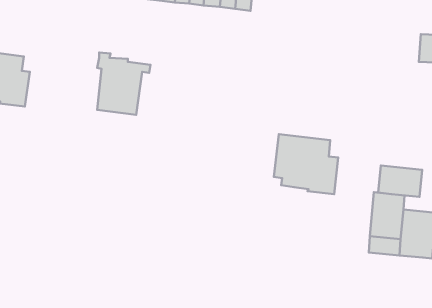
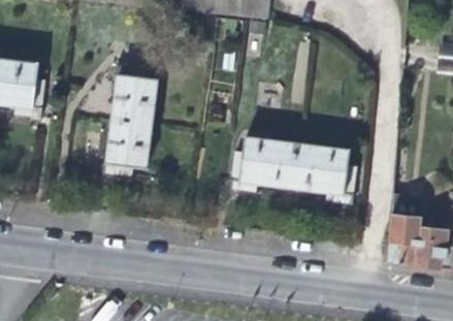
building: none -> [102,118,155,175]
building: none -> [229,135,297,193]
building: [378,165,422,197] -> none

